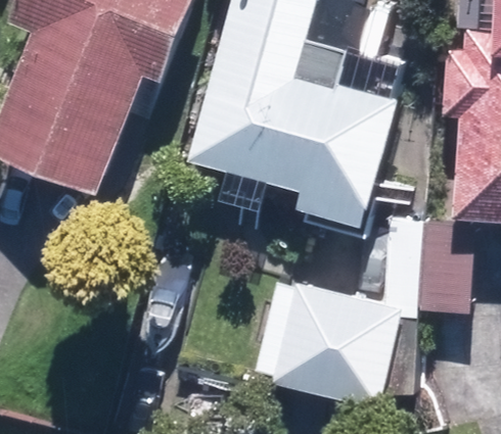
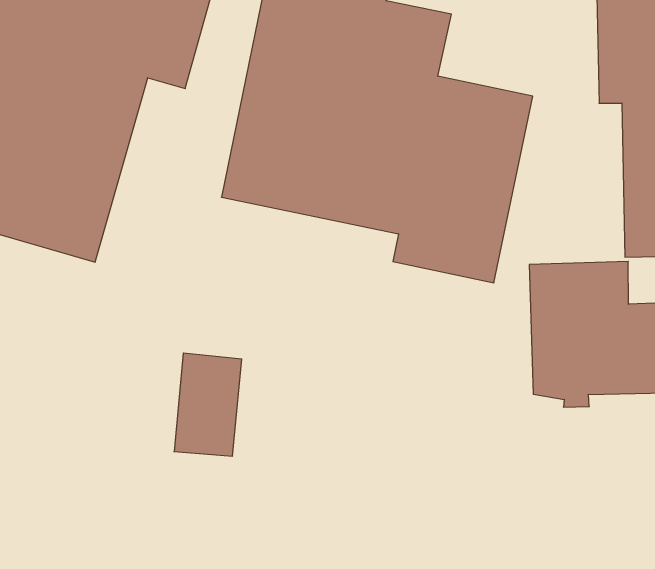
building: [255,275,405,407] -> none

